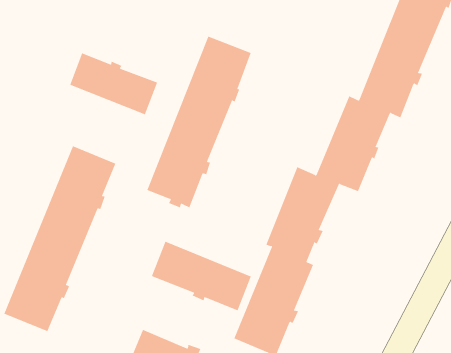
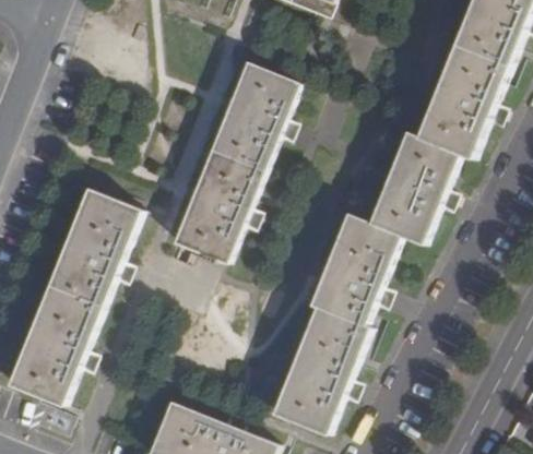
building: [69,52,158,115] -> none
building: [151,241,251,311] -> none

